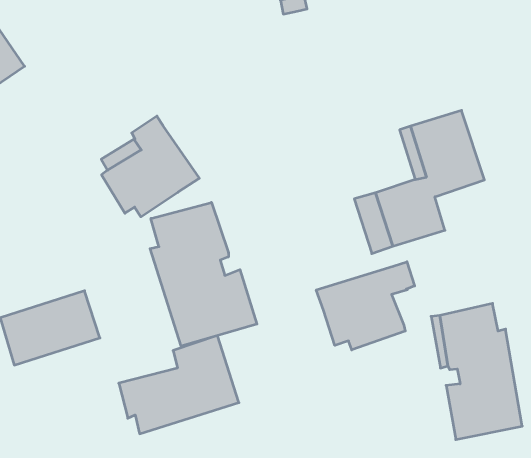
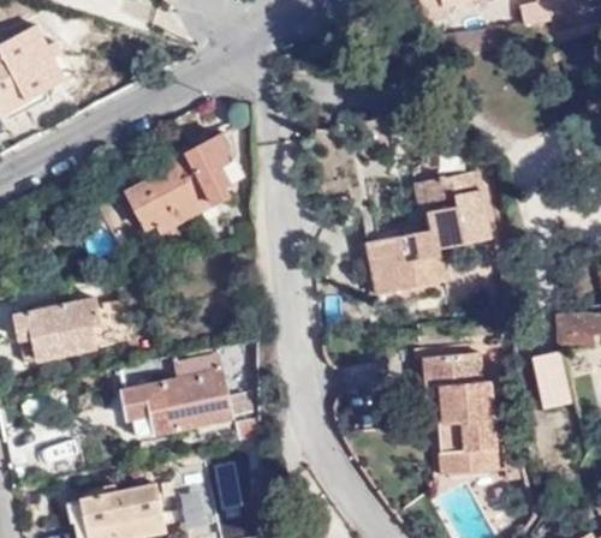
building: none -> [190,134,234,204]
building: [150,202,257,346] -> none
building: [316,262,415,350] -> none

